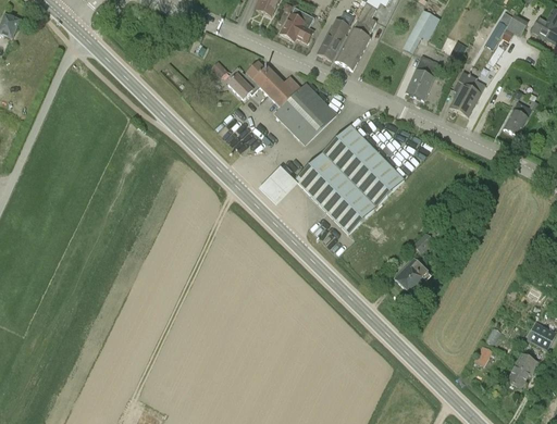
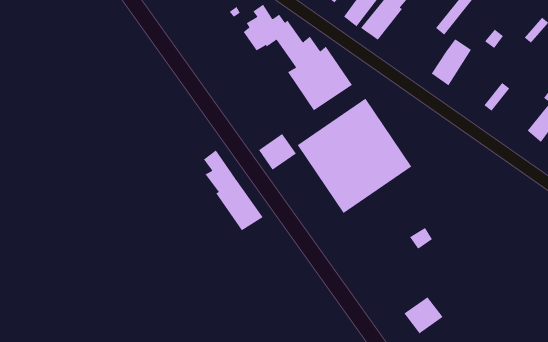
building: [449,72,476,112] -> none
building: none -> [203,149,264,231]
building: [394,259,431,295] -> [404,296,443,334]

